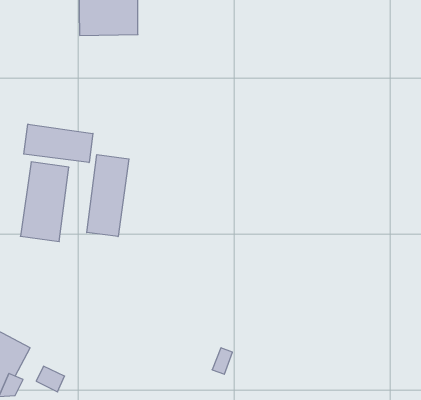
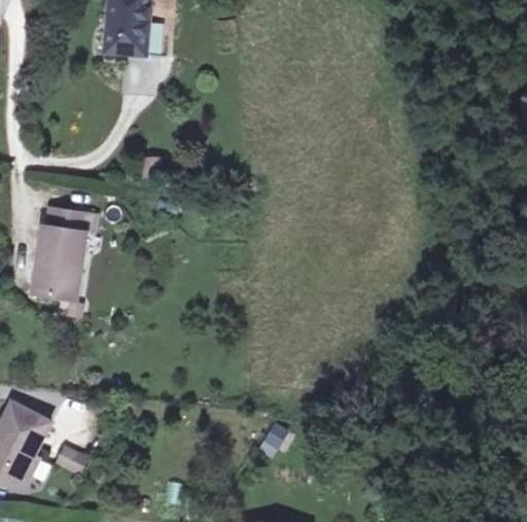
building: [24,124,93,163] -> none
building: [87,155,129,237] -> none

